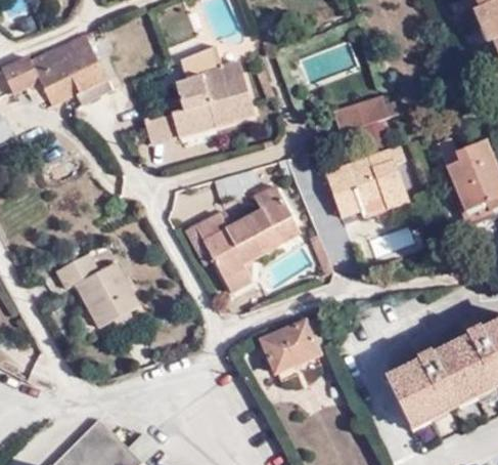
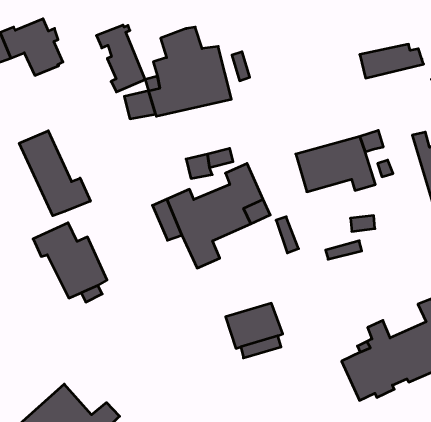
building: [58,34,110,102] -> [96,25,145,92]
building: [330,94,396,131] -> [360,44,424,78]
building: none -> [19,131,90,216]

